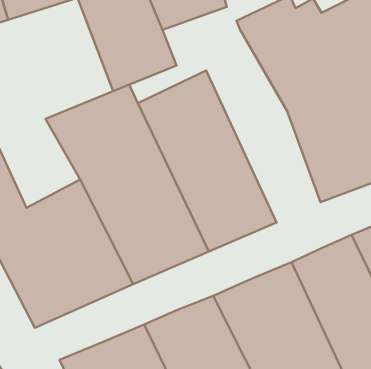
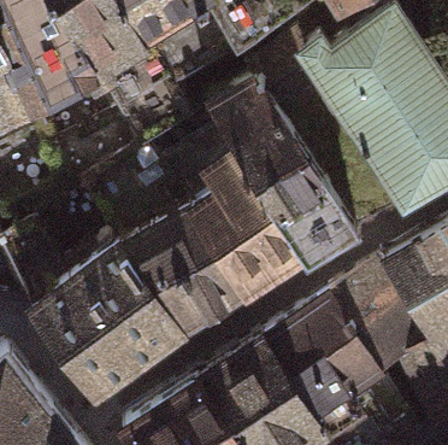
building: none -> [212,78,353,259]

